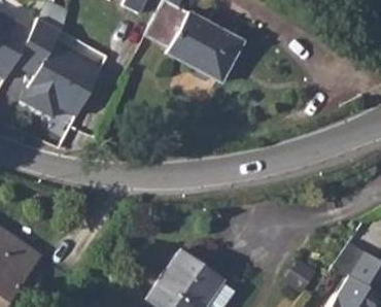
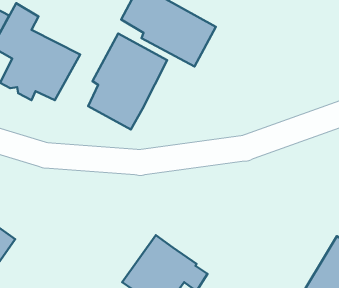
building: none -> [88,34,167,129]

